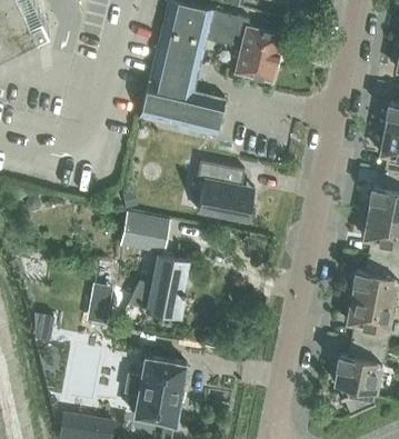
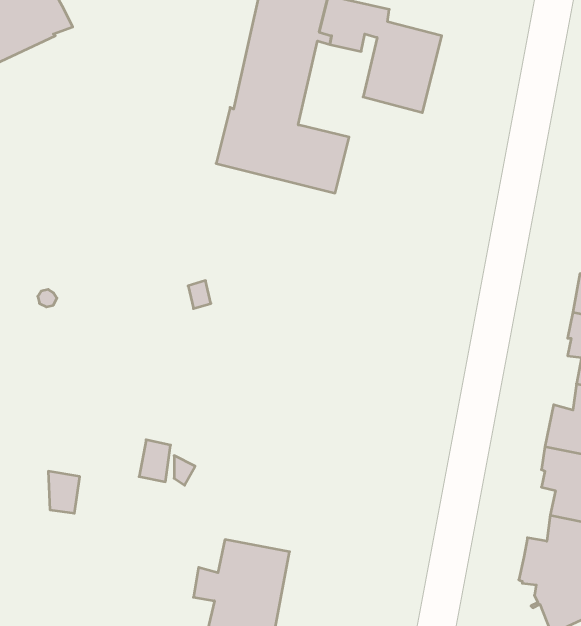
building: [197,162,256,222] -> none
building: [123,213,169,243] -> none
building: [130,258,189,320] -> none

